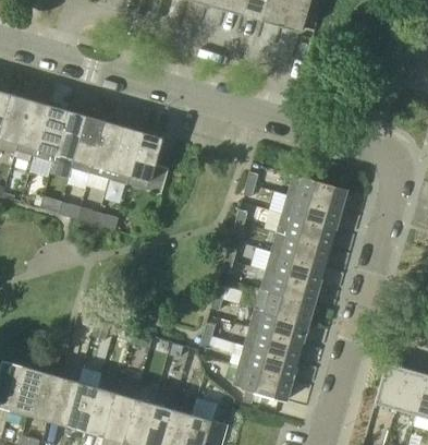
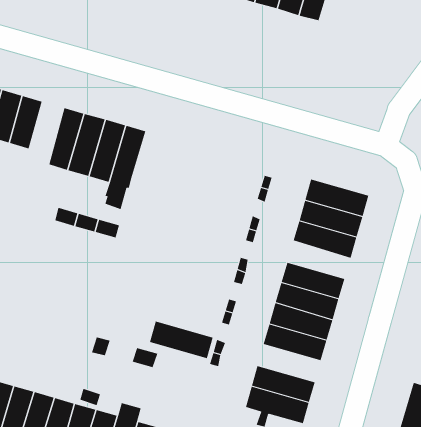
building: [34,105,68,163] -> none
building: [130,132,169,194] -> none
building: [271,232,330,267] -> none
building: [244,327,303,362] -> [149,321,213,359]

